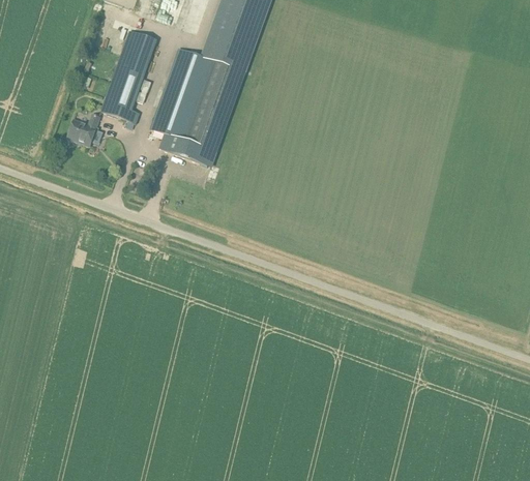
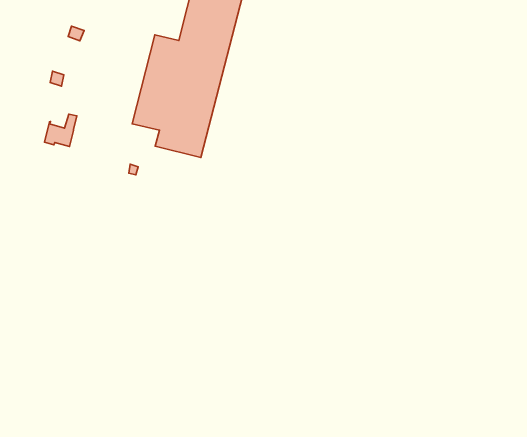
building: [101,30,155,123] -> none

